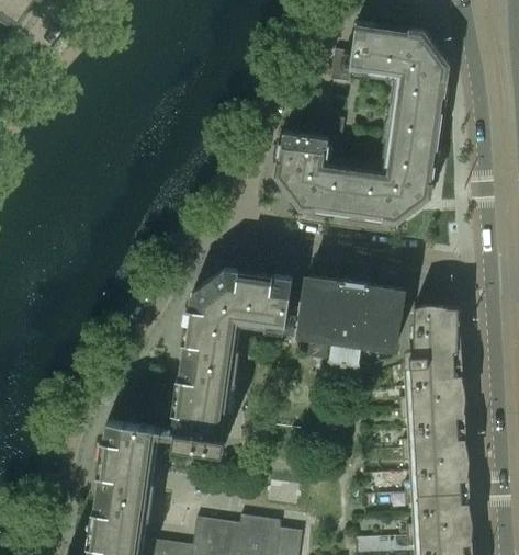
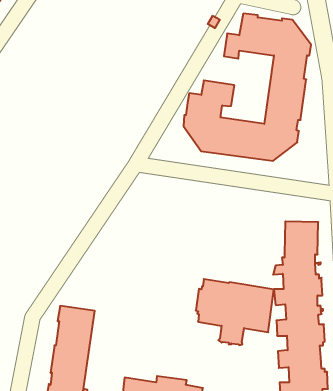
building: [171,269,293,452] -> none
building: [296,275,403,365] -> [196,279,274,345]

